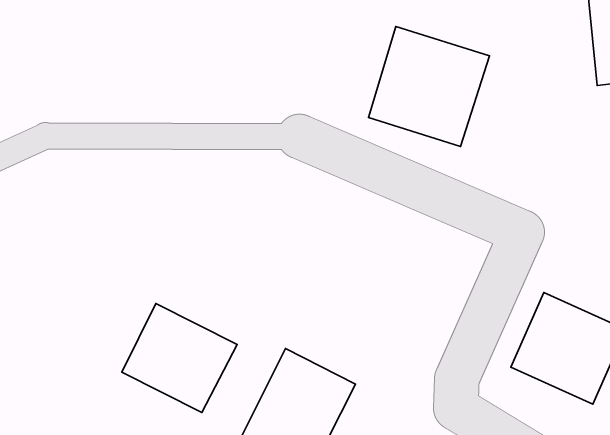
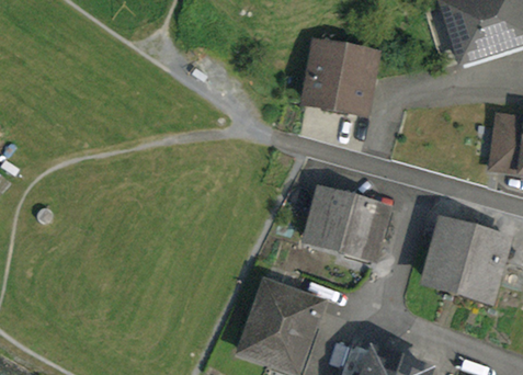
building: none -> [307,186,379,250]
building: [122,304,237,412] -> none

